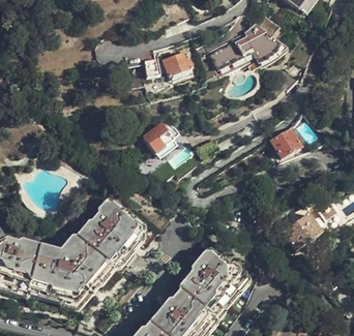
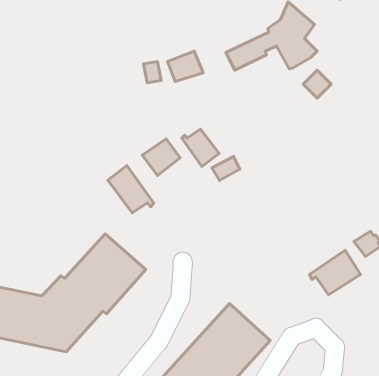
building: none -> [182,129,219,167]
building: [272,124,301,153] -> none
building: none -> [108,166,154,213]

